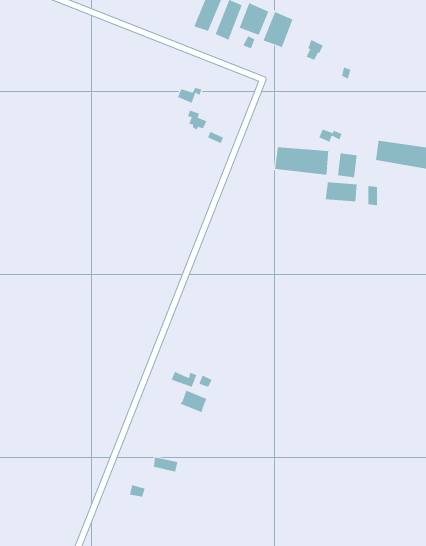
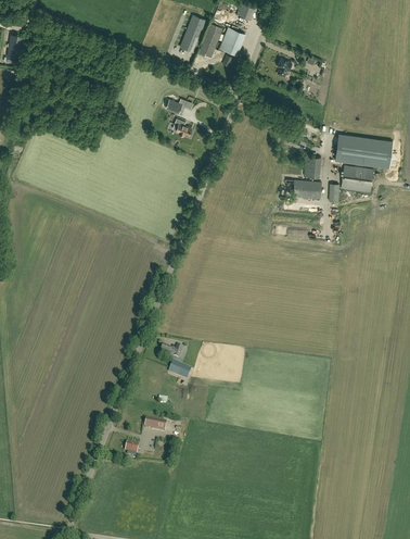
building: [263,11,293,48] -> none
building: [274,147,329,175] -> none
building: none -> [341,165,373,192]

